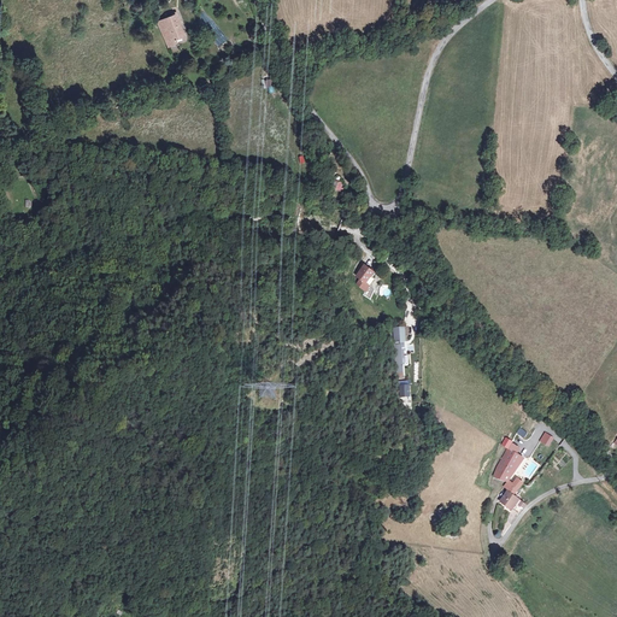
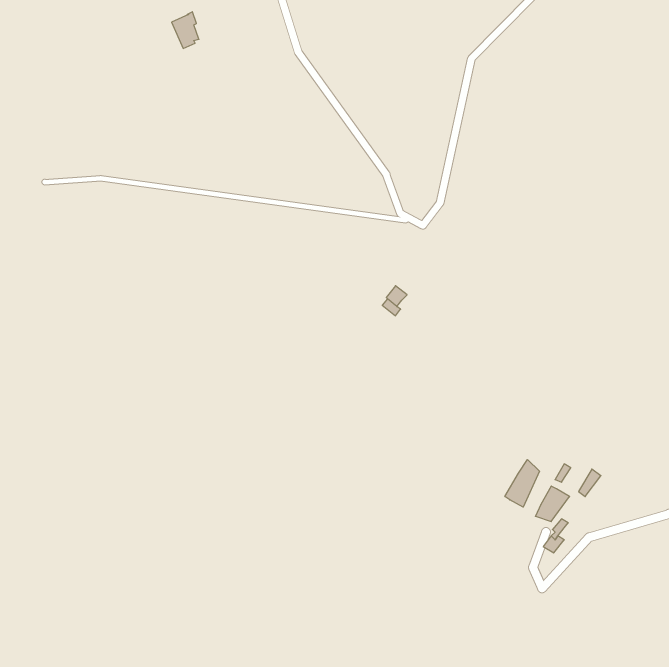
building: none -> [505,460,540,507]

